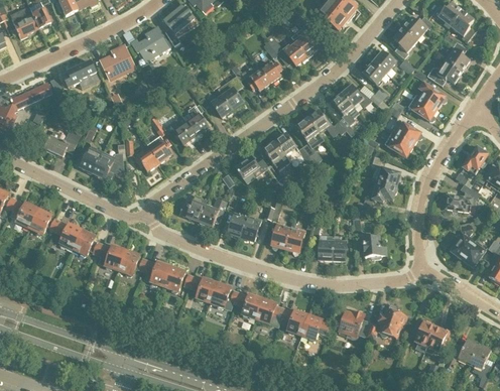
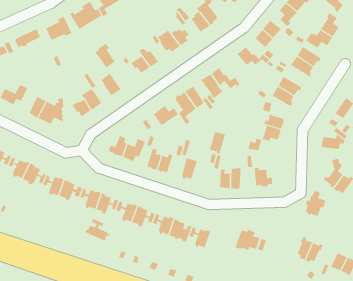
building: [332,93,355,136] -> none
building: [182,105,209,136] -> [94,43,115,68]
building: [284,226,305,255] -> [209,131,226,155]
building: none -> [85,218,110,241]
building: [379,304,405,337] -> [305,191,326,217]
building: [300,313,330,341] -> none

